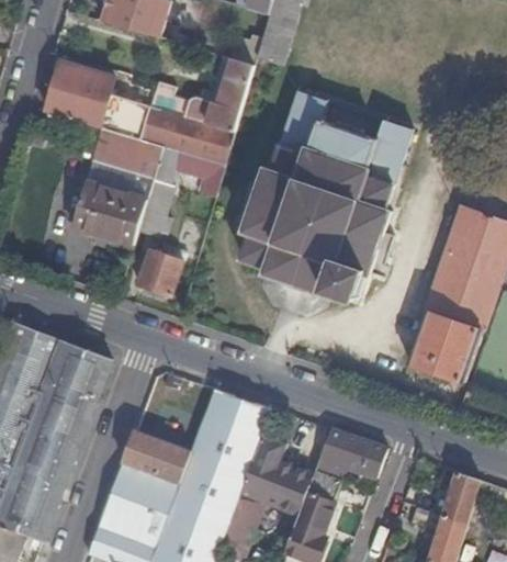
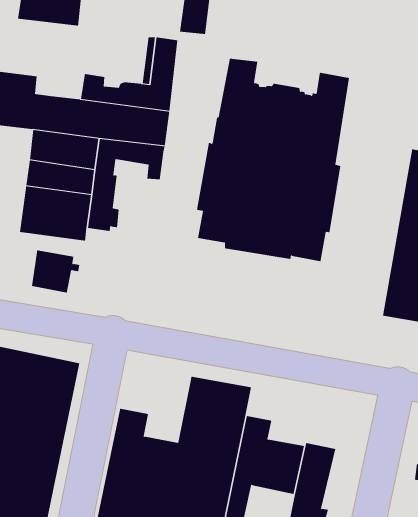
building: [137,251,188,297] -> [31,250,80,293]
building: [314,430,386,483] -> none

